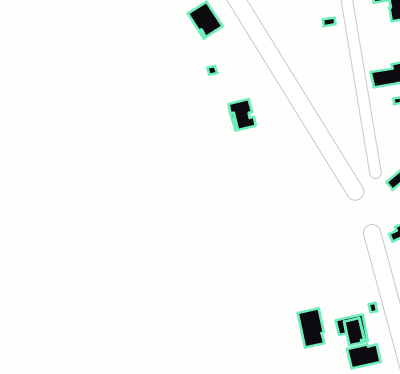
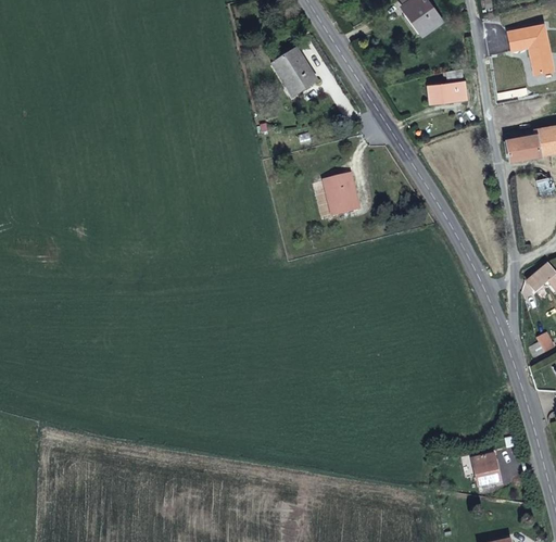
building: none -> [428,80,466,99]
building: [298,308,324,348] -> none
building: [347,344,380,369] -> none

